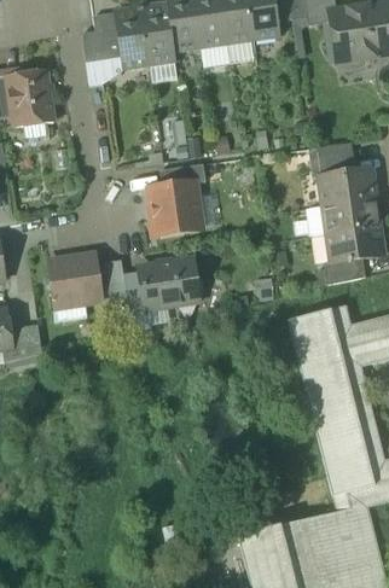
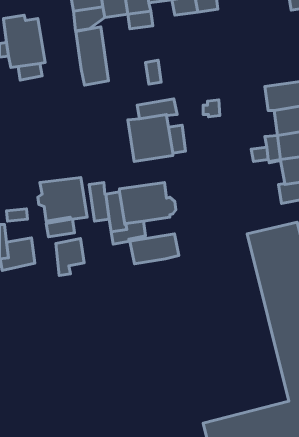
building: none -> [76,27,108,85]
building: none -> [130,234,179,264]
building: none -> [56,238,84,275]

